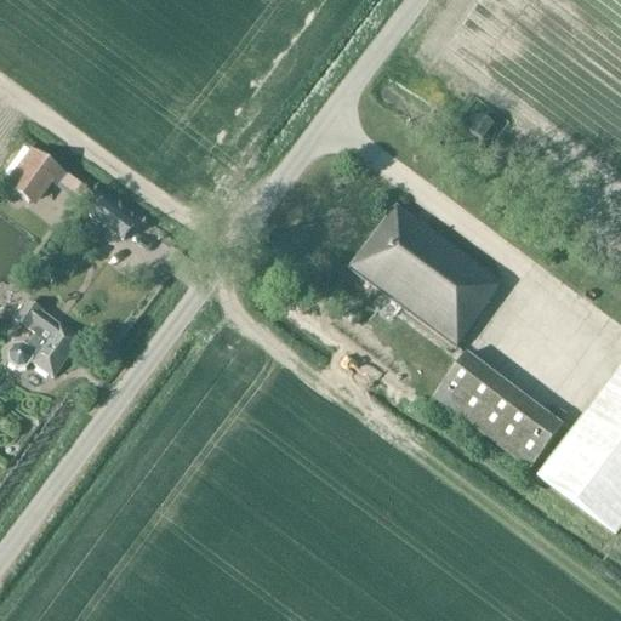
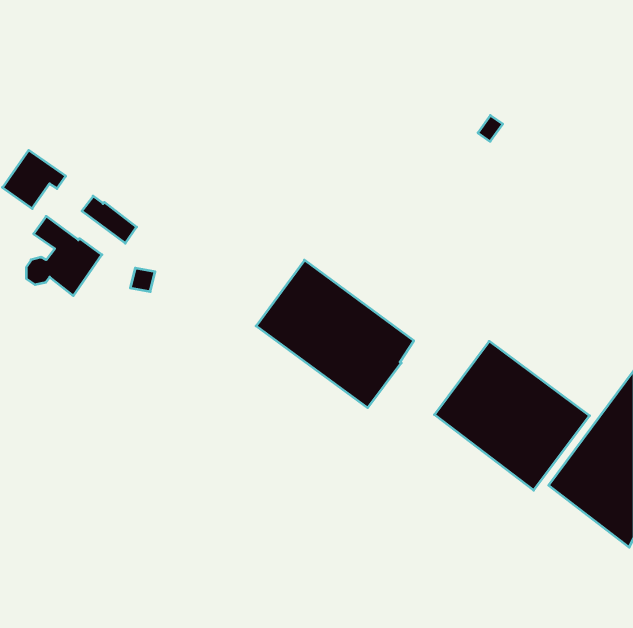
building: [348,201,502,346] -> [256,260,414,408]
building: [8,300,82,377] -> [26,216,102,296]

